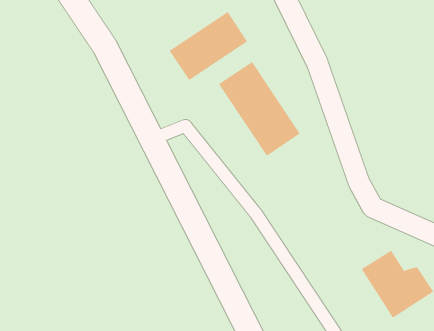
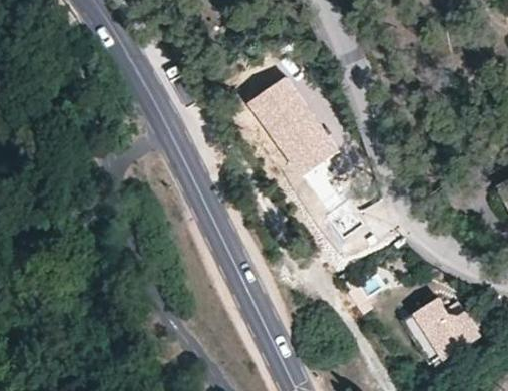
building: [169,11,248,81] -> none

